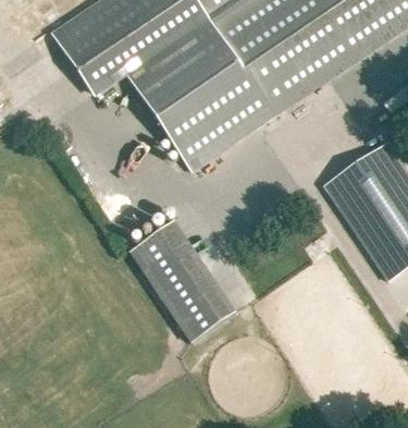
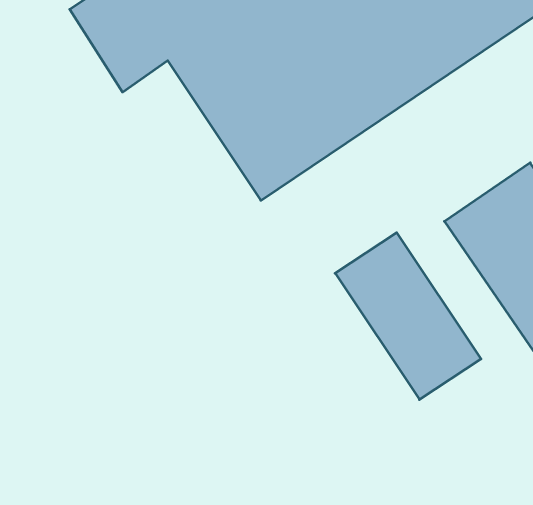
building: [123,219,228,340] -> [335,233,481,400]

